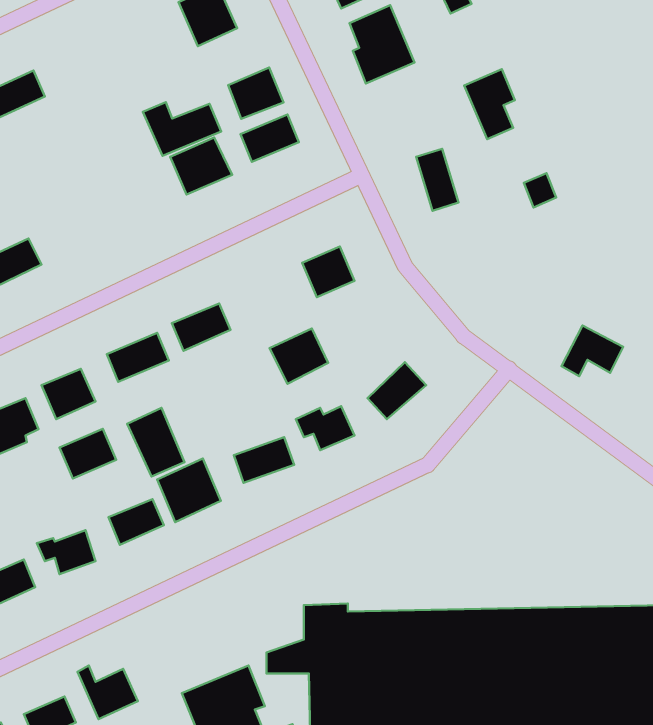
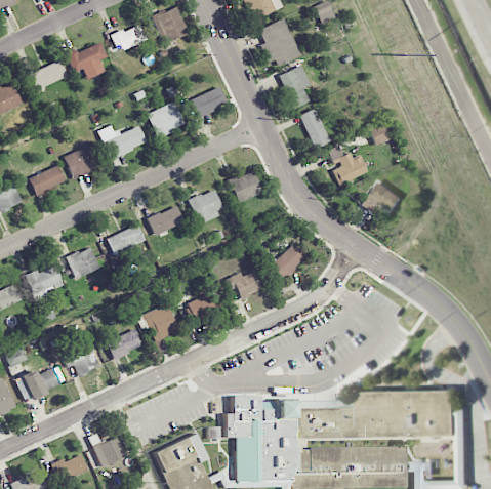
building: none -> [113,24,148,52]
building: none -> [66,42,107,79]
building: [228,68,283,119] -> none
building: [464,69,515,139] -> [279,65,311,109]
building: [143,102,221,156] -> [97,125,147,159]
building: none -> [64,144,103,178]
building: none -> [330,153,368,185]
building: [561,325,623,376] -> [364,181,403,213]
building: [270,328,328,384] -> [188,189,224,223]
building: [127,408,184,477] -> none
building: [59,429,116,479] -> none

